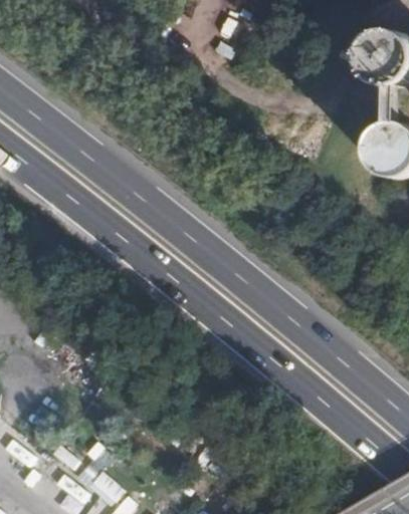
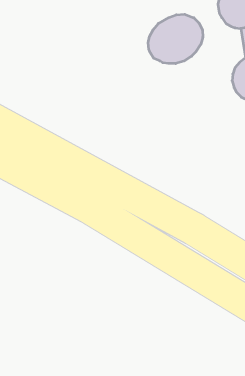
building: none -> [148,14,203,64]

